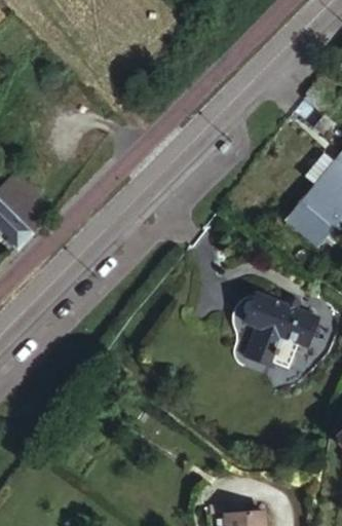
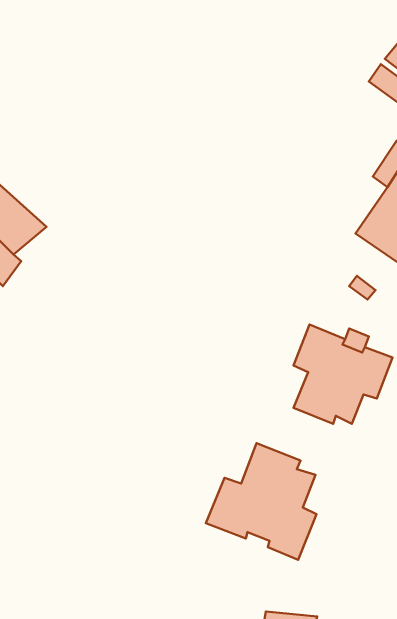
building: none -> [206,443,317,560]

